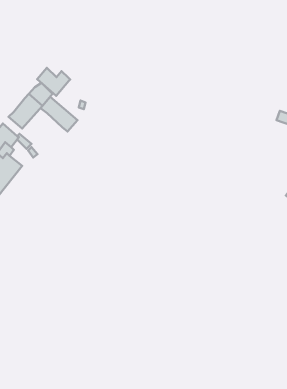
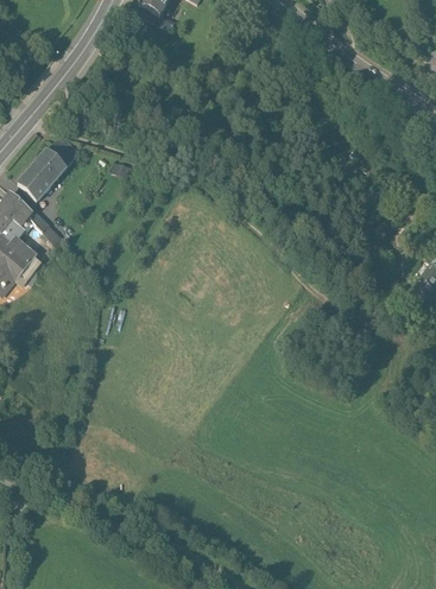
building: [37,68,70,96] -> none
building: [40,97,77,132] -> none

